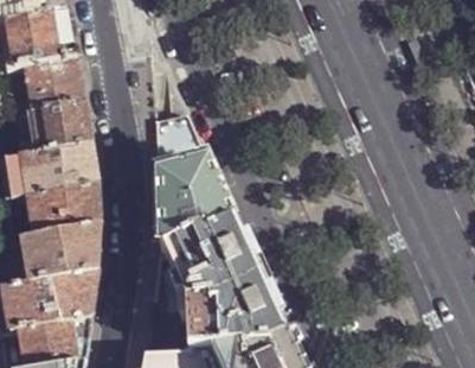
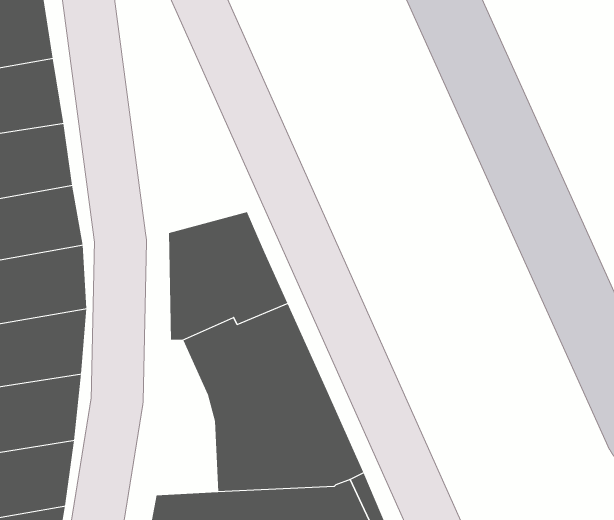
building: [152,107,206,172] -> none

